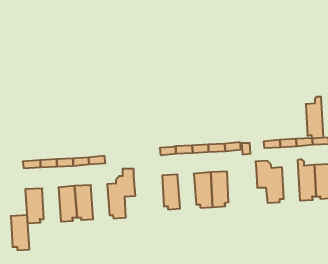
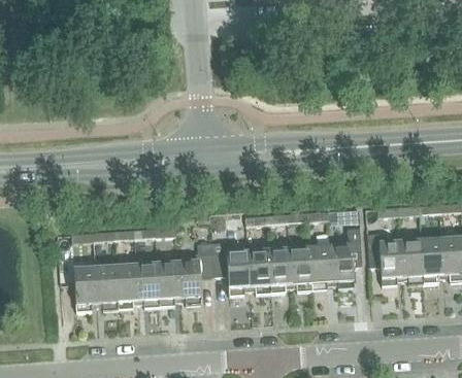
building: [306,97,324,138] -> [402,230,425,282]
building: none -> [332,227,362,287]
building: none -> [213,240,252,294]
building: none -> [269,247,293,291]
building: none -> [159,261,183,305]
building: [11,215,29,250] -> [97,265,121,309]

